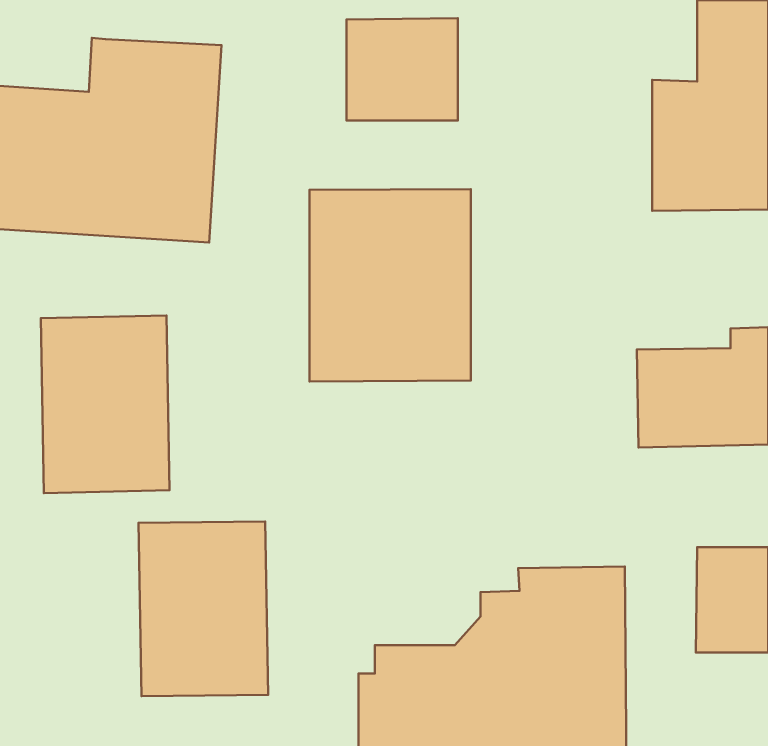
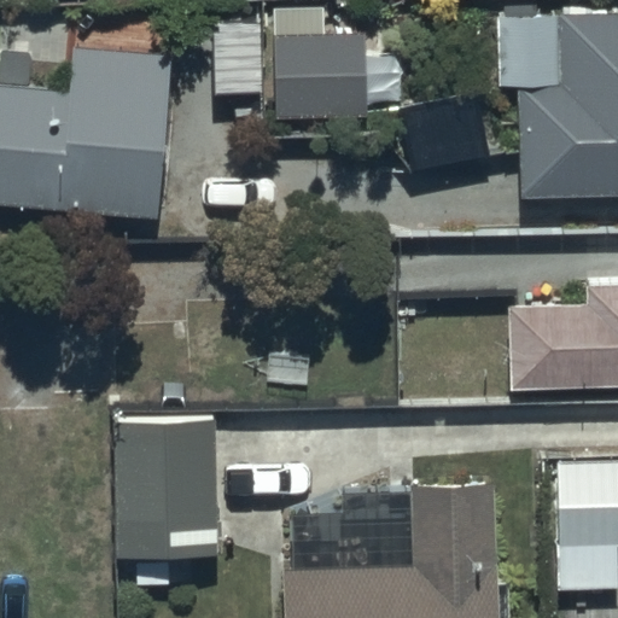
building: [310,189,471,381] -> none
building: [41,315,170,493] -> none

